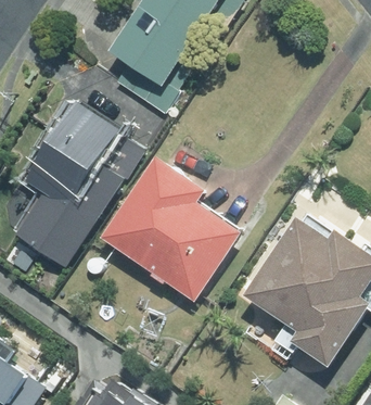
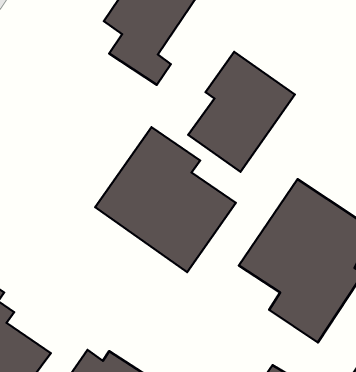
building: none -> [188,52,295,172]
building: [14,99,121,267] -> none

